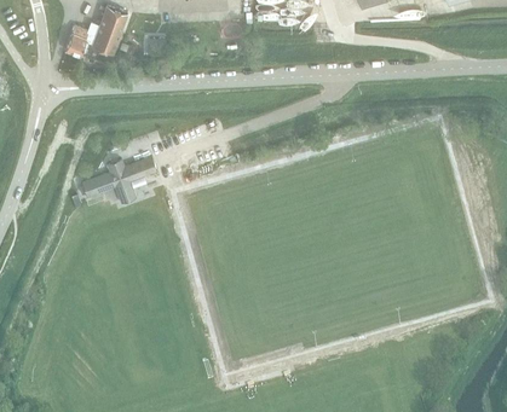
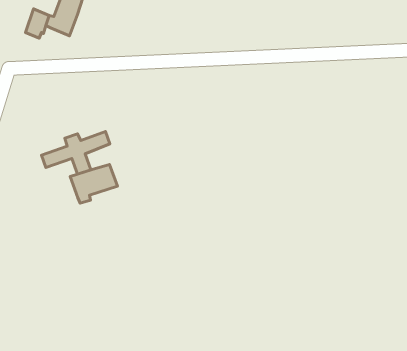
building: none -> [70,165,117,203]

